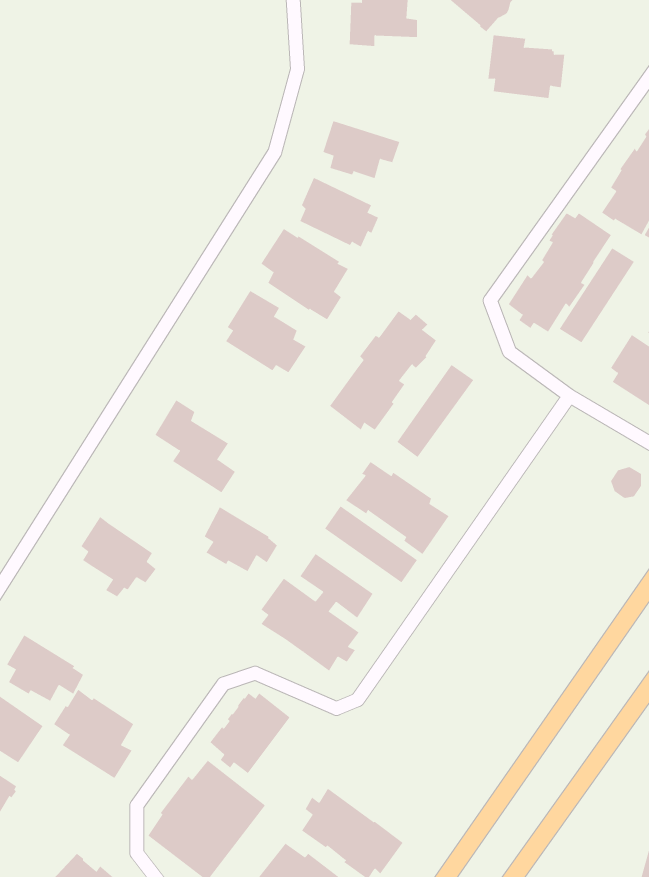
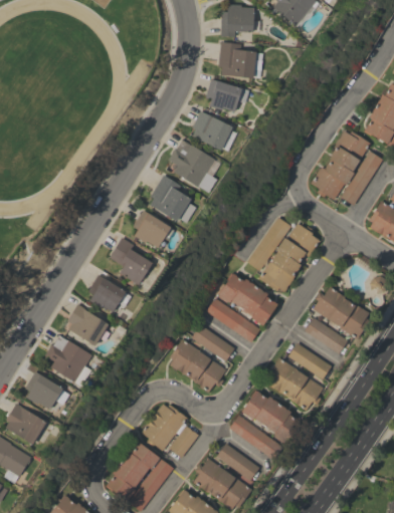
building: [487,35,565,98] -> [218,42,262,78]
building: [329,310,437,430] -> [258,224,320,292]
building: none -> [133,211,175,248]
building: none -> [313,287,370,340]
building: [204,507,278,572] -> [88,275,131,312]
building: none -> [305,318,348,354]
building: none -> [266,343,331,411]
building: none -> [241,391,302,445]
building: [53,689,134,779] -> [45,335,91,387]
building: none -> [229,416,283,461]
building: none -> [169,426,199,458]
building: none -> [216,444,259,481]

